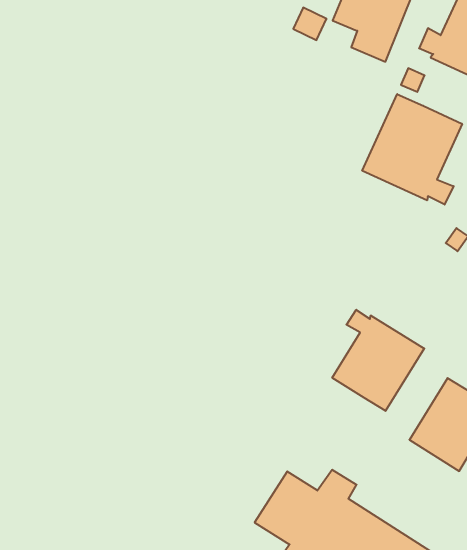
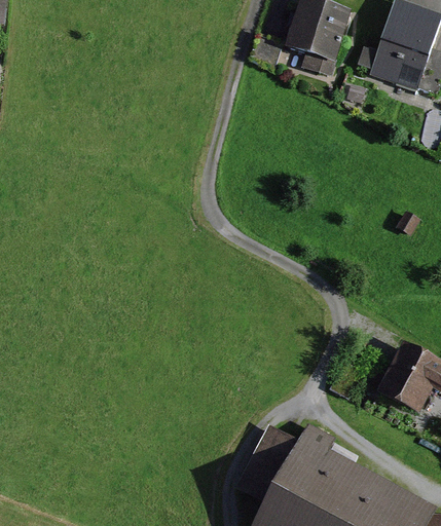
building: [362,94,462,205] -> none
building: [332,310,424,411] -> none

